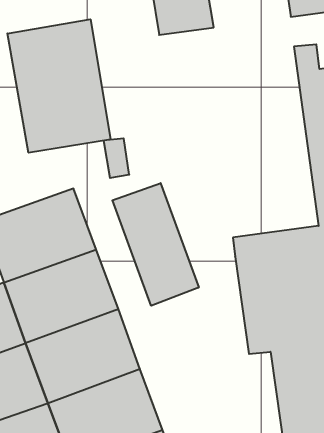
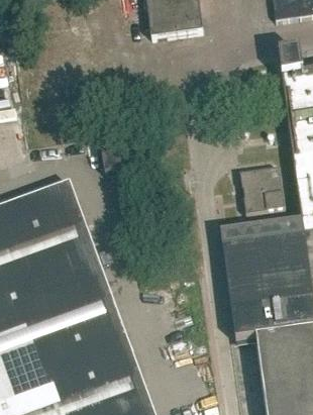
building: [7,19,110,153] -> none
building: none -> [240,168,285,214]
building: [112,183,199,306] -> none

